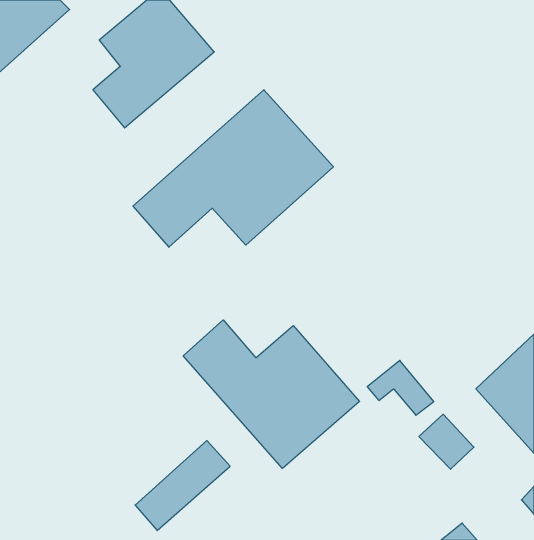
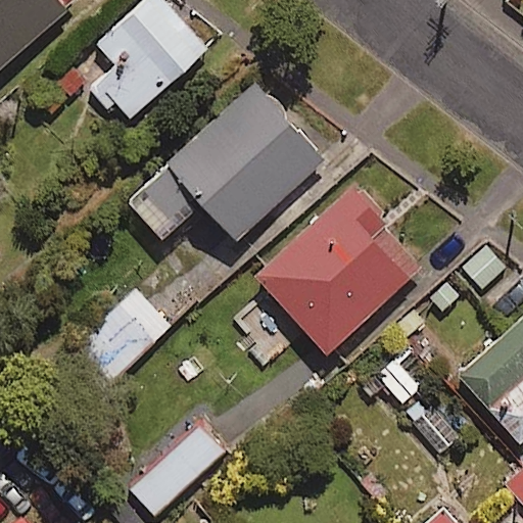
building: none -> [256,191,419,352]
building: [183,320,360,468] -> none

